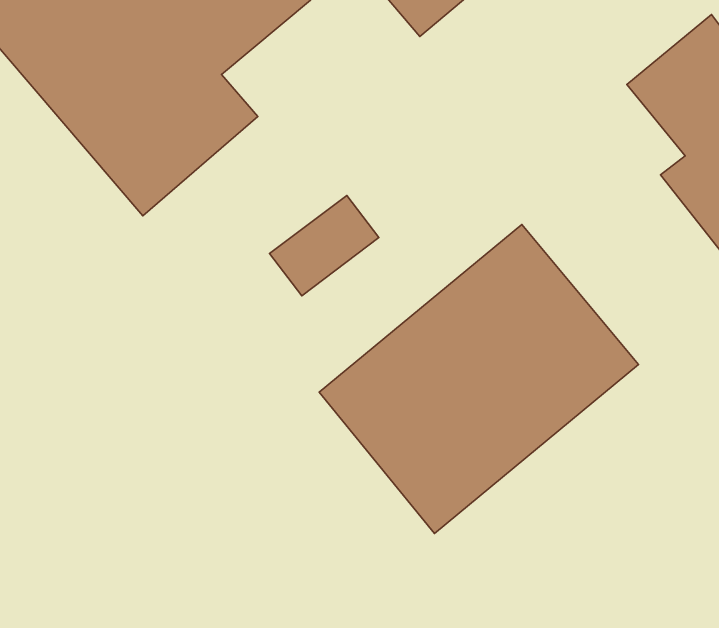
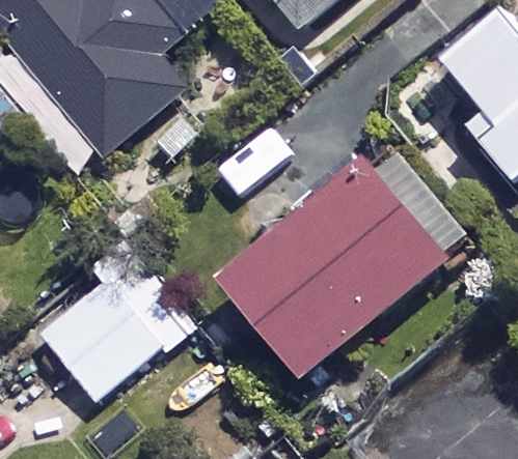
building: none -> [37,274,162,397]

